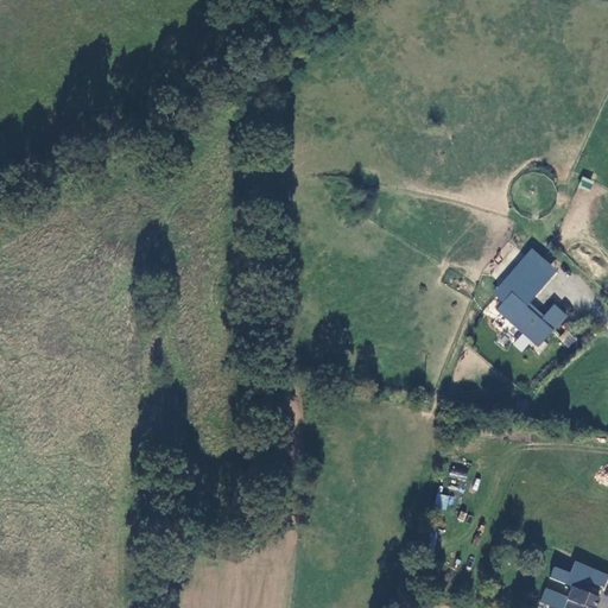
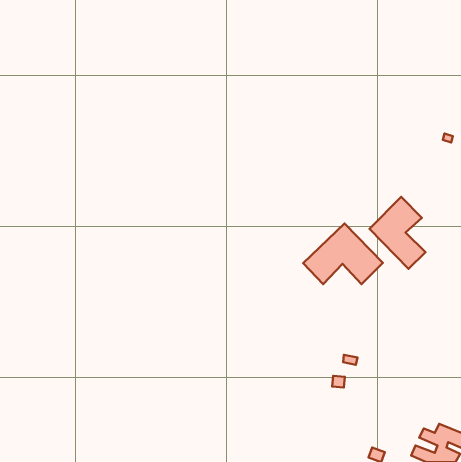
building: none -> [303,223,383,284]

